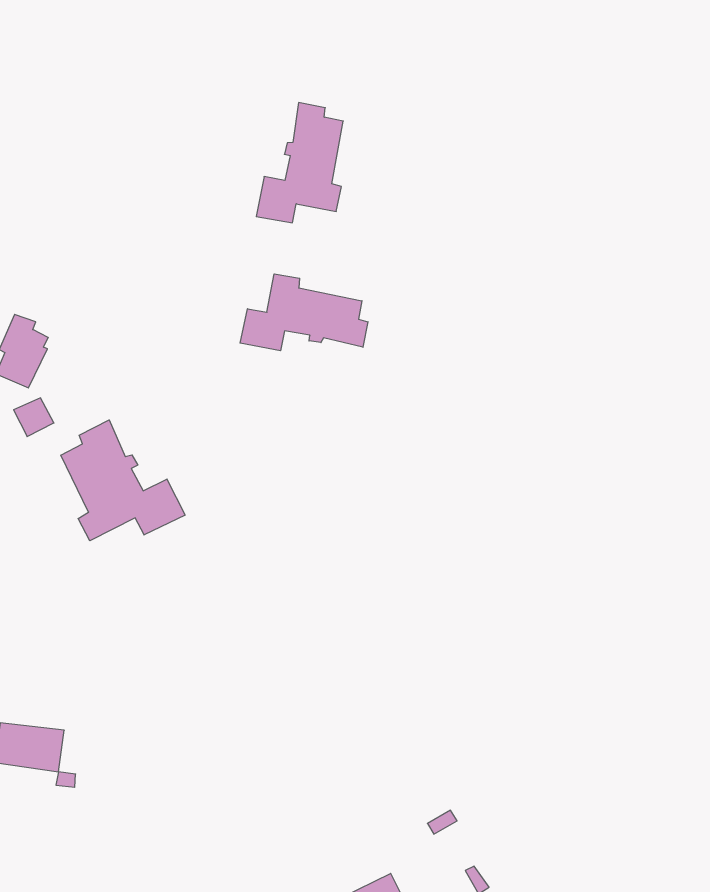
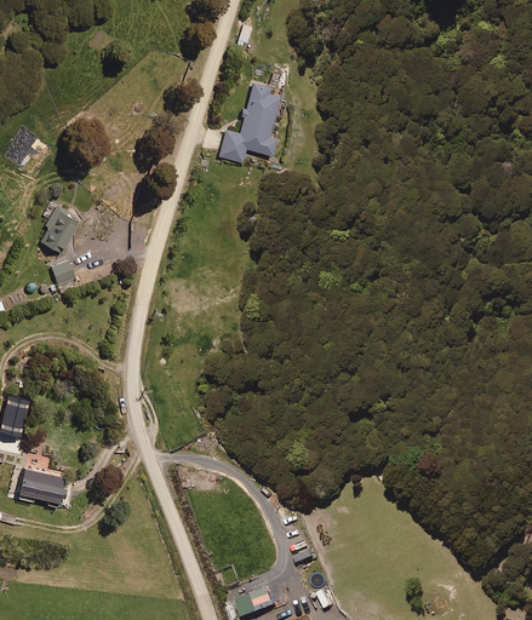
building: [240,274,368,351] -> none
building: [61,420,185,541] -> none

